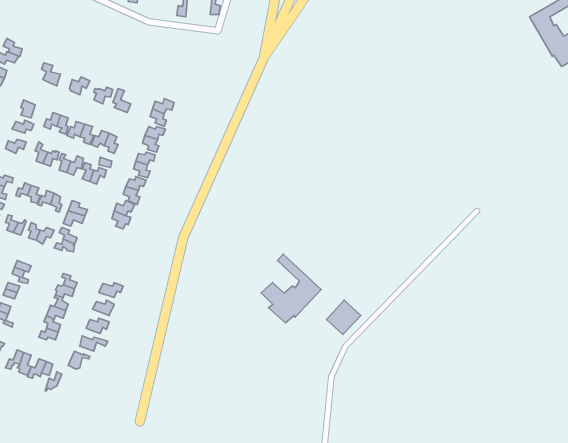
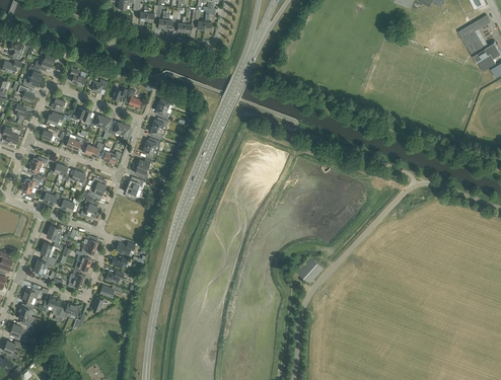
building: [261,254,321,323] -> none

